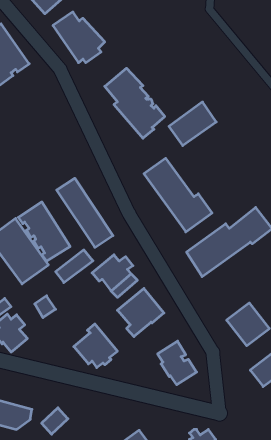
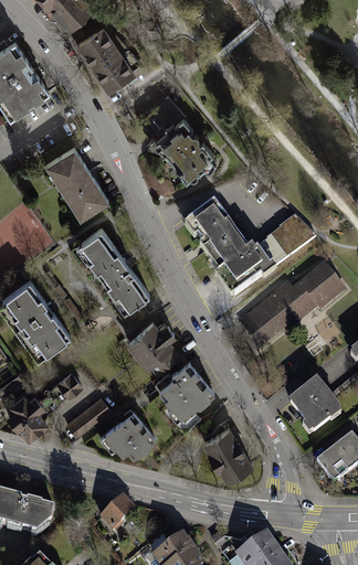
building: [169,102,216,146] -> [254,218,312,271]
building: [18,202,70,261] -> [45,147,108,218]
building: [56,250,93,283] -> [64,398,109,438]
building: [42,408,68,434] -> [102,498,134,530]

